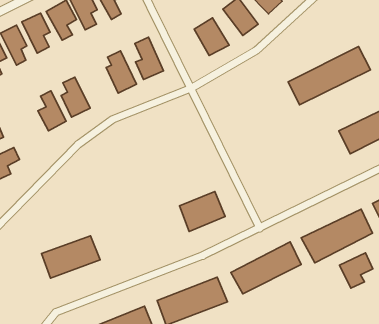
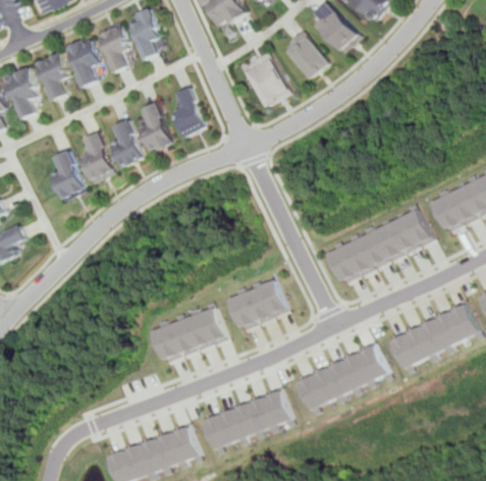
building: [288,46,371,105] -> [329,208,434,282]
building: none -> [109,118,144,165]
building: [42,236,100,278] -> [153,308,227,362]
building: [340,253,373,288] -> none

